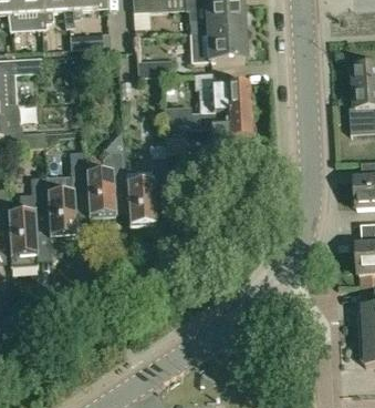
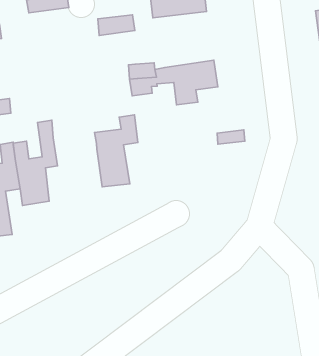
building: [199,81,249,111] -> none
building: [85,126,127,215] -> none

